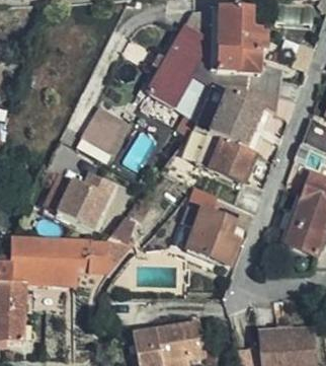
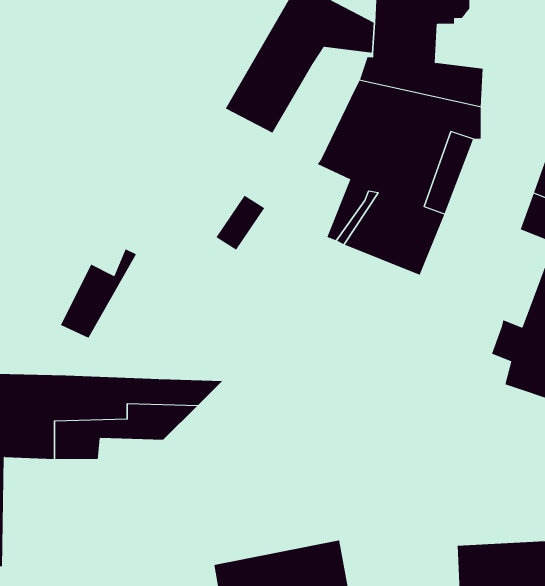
building: [163,71,207,121] -> none
building: [81,112,137,170] -> none
building: [66,171,107,225] -> none
building: [182,186,237,268] -> none

